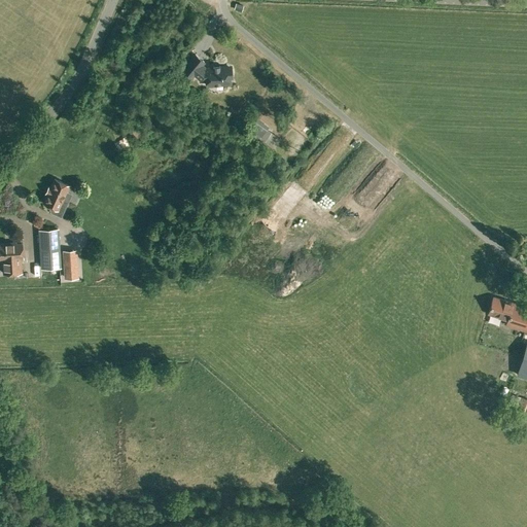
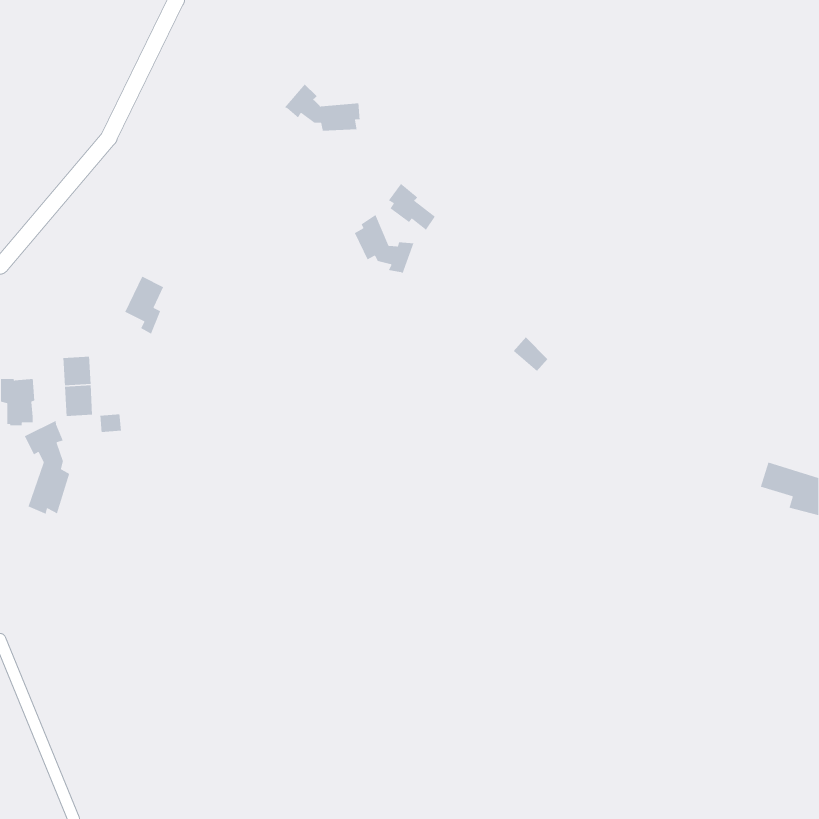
building: none -> [354,214,415,274]
building: [43,178,69,216] -> [124,275,164,335]
building: none -> [24,420,70,515]

